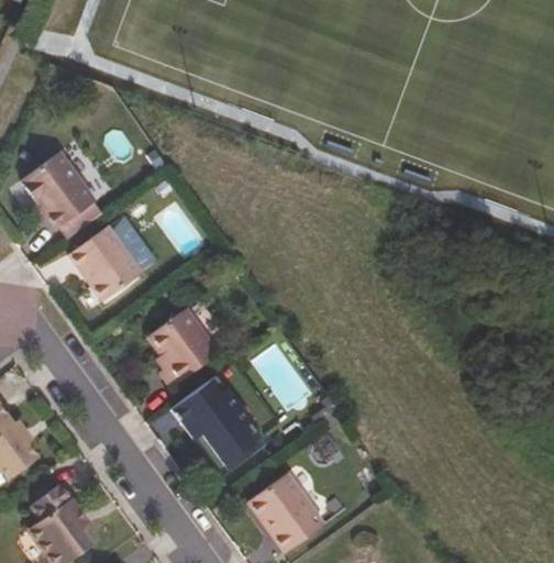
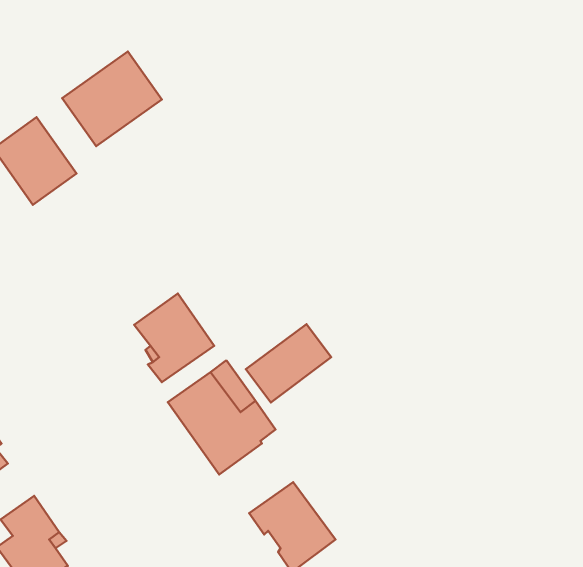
building: none -> [62,52,162,146]
building: [68,227,142,300] -> none
building: none -> [246,324,331,402]

